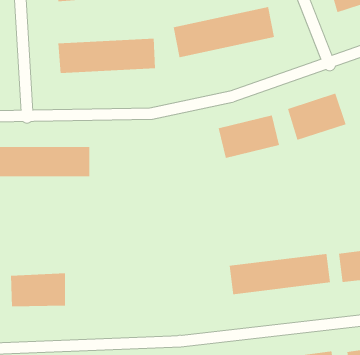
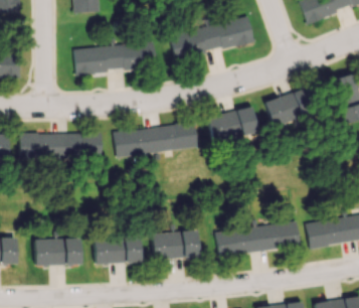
building: none -> [114,124,198,156]
building: none -> [154,232,200,259]
building: none -> [96,238,142,264]

